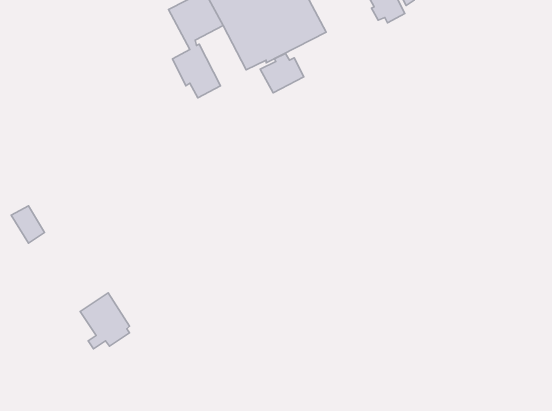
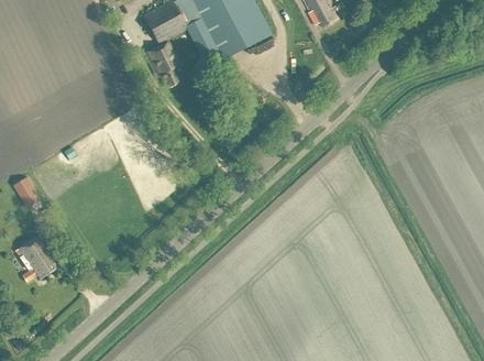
building: [260,54,304,93] -> none
building: [80,293,129,349] -> [15,234,56,281]

